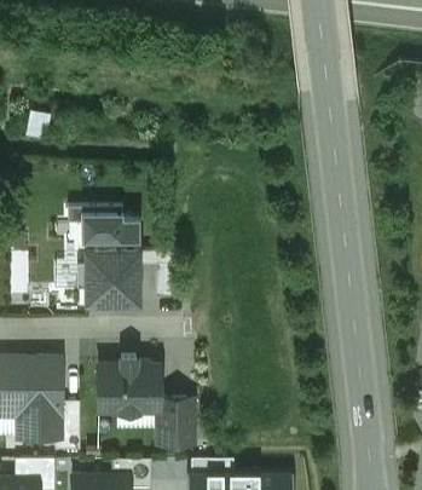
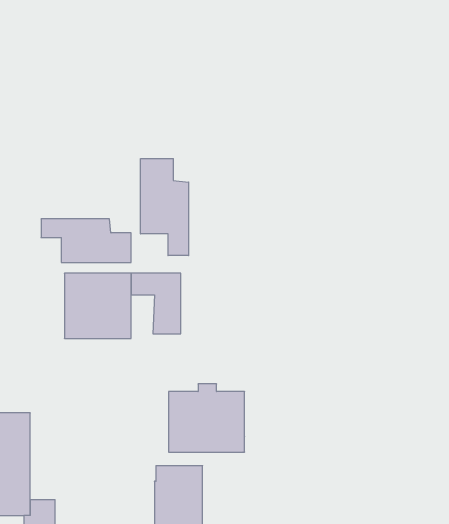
building: none -> [141,159,189,256]
building: [98,358,157,411] -> [169,384,245,452]

